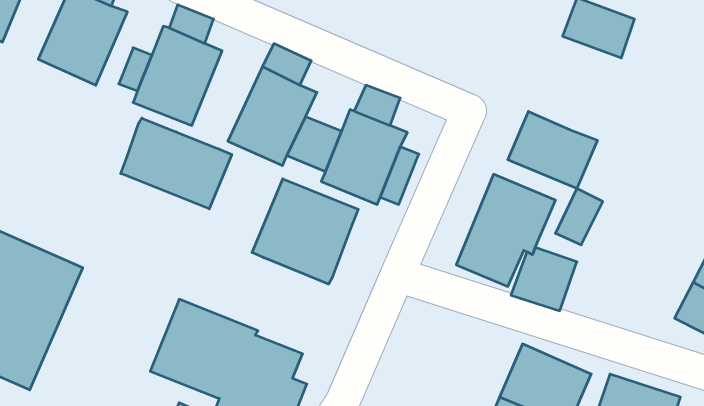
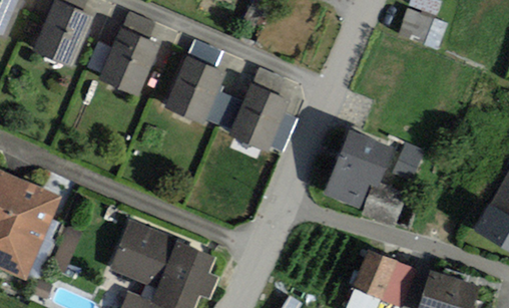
building: [508,111,597,189] -> none
building: [121,118,232,209] -> none
building: [252,179,358,284] -> none

